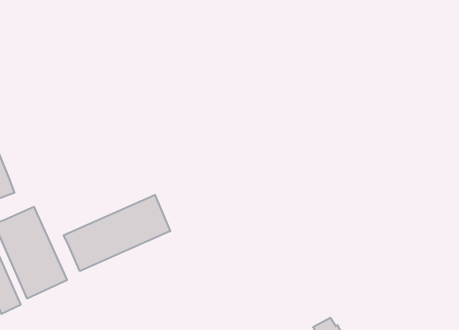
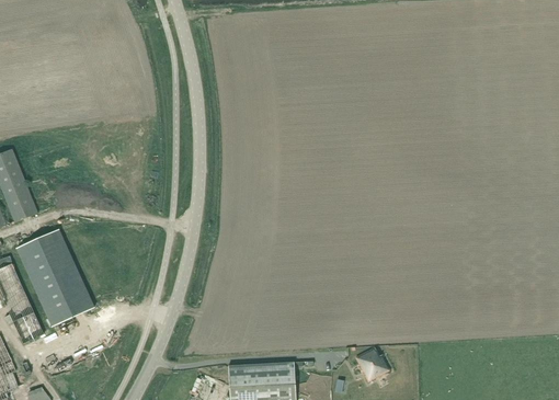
building: [64,195,170,271] -> none

